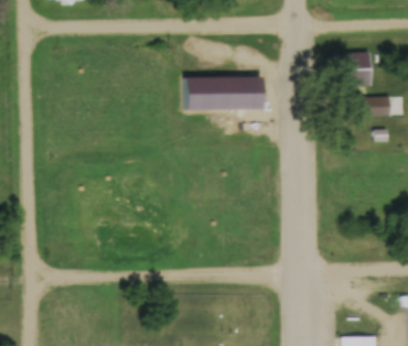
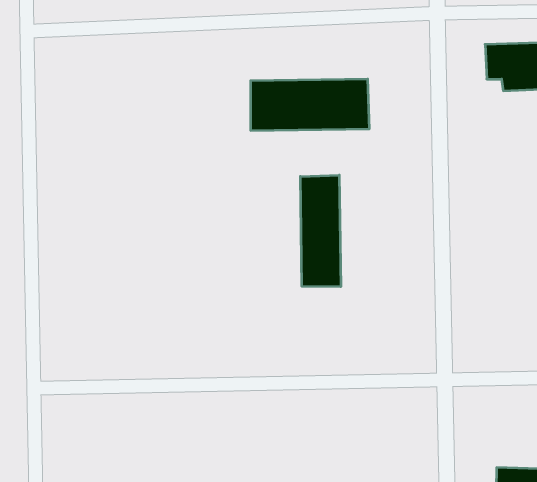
building: none -> [300,175,341,287]

